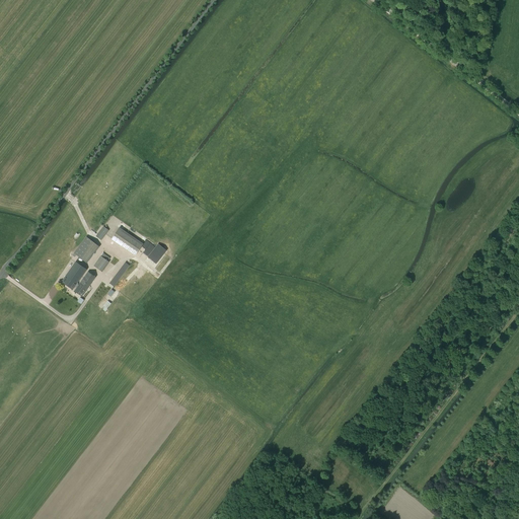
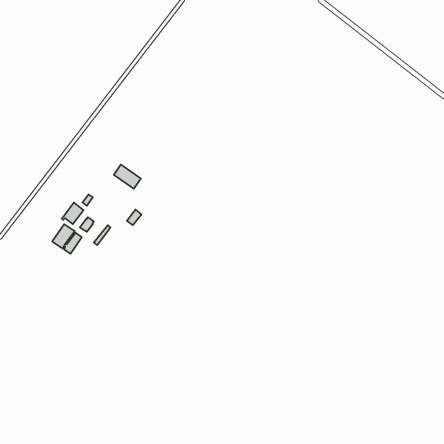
building: [112,227,143,255] -> [114,165,141,189]

